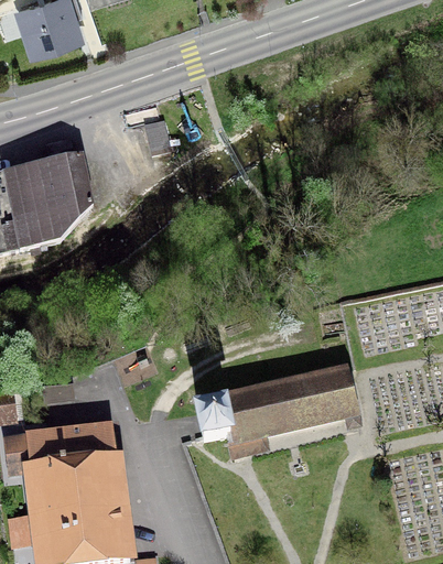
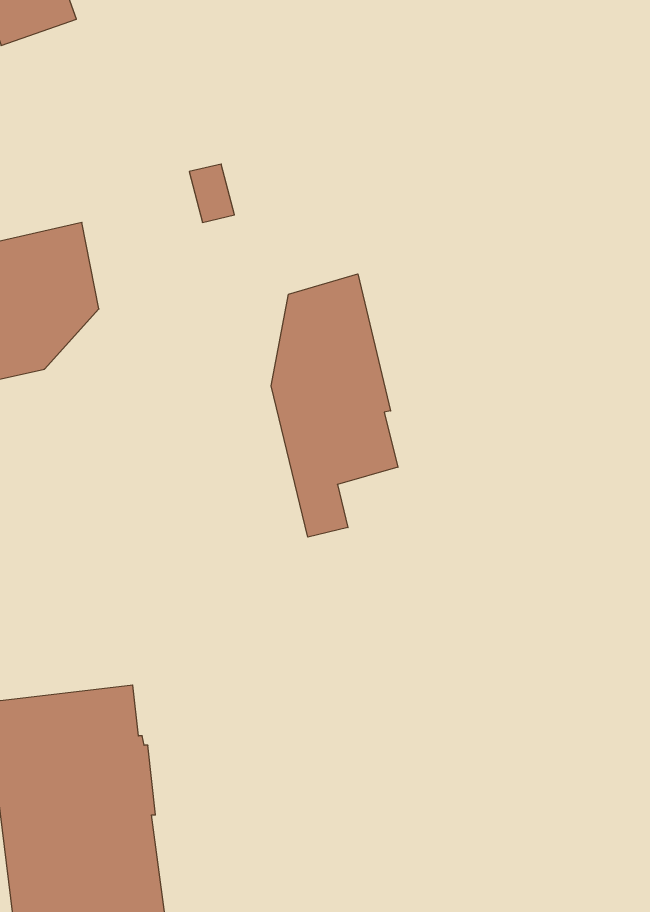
building: none -> [271,274,398,537]
building: [197,368,357,443] -> none

